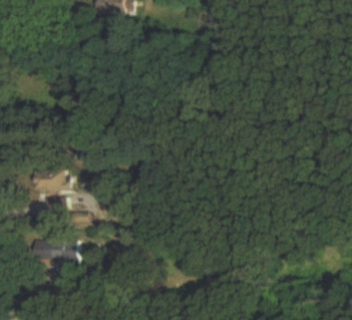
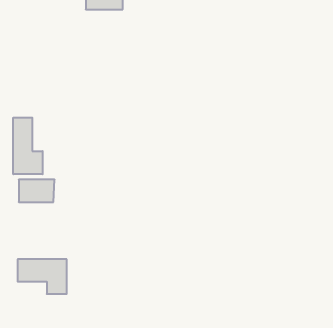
building: none -> [13,118,43,174]

